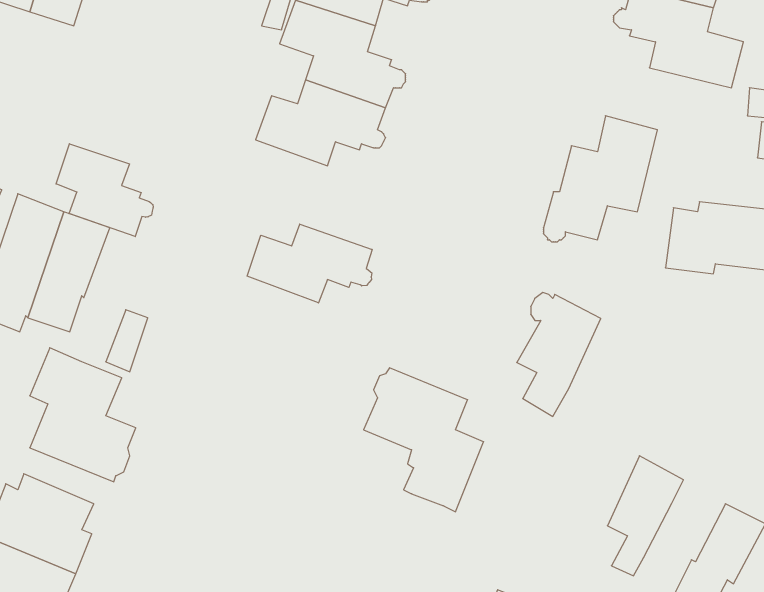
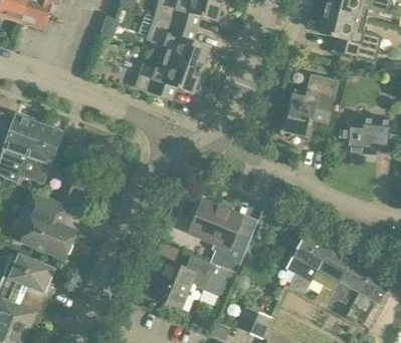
building: [56,144,153,237] -> none
building: [247,224,372,303] -> none
building: [517,292,601,416] -> [285,232,328,294]
building: none -> [151,254,229,309]
building: none -> [330,257,371,304]

